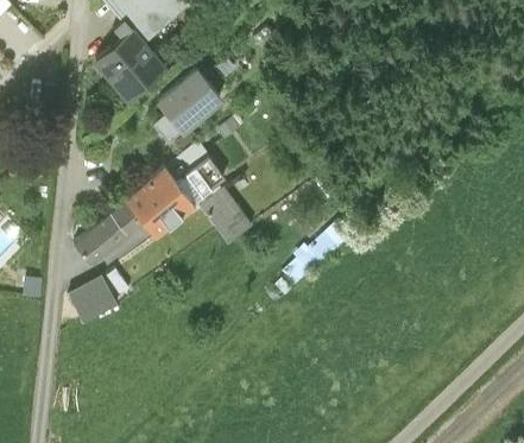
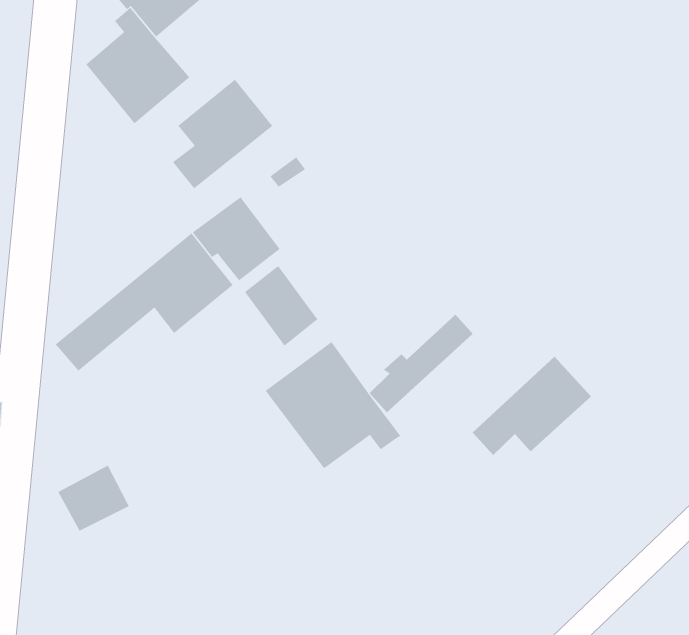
building: none -> [265,341,401,469]
building: none -> [472,356,592,456]
building: [69,278,116,322] -> [57,465,130,532]

